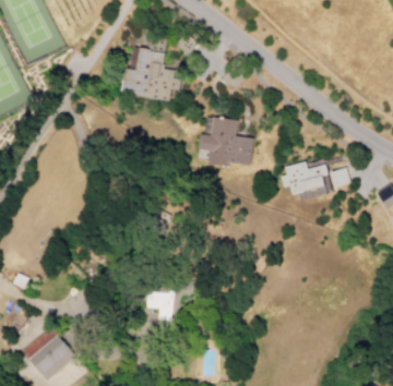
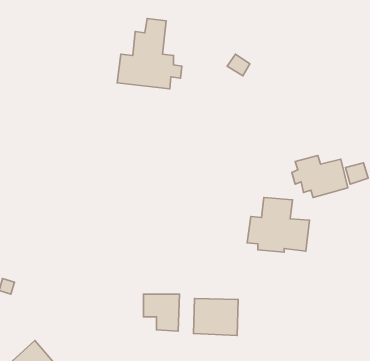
building: [196,116,253,166] -> [247,197,309,252]
building: none -> [193,299,238,336]

